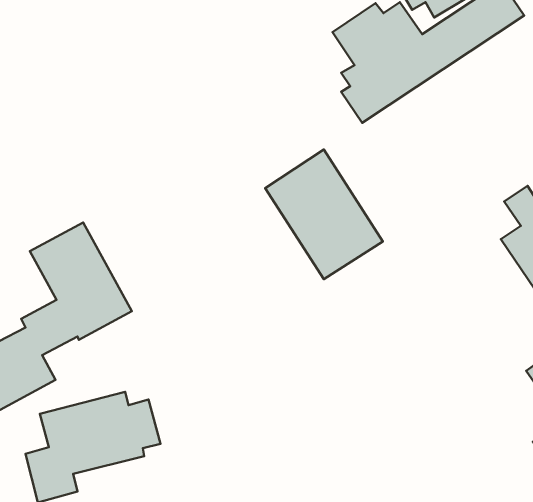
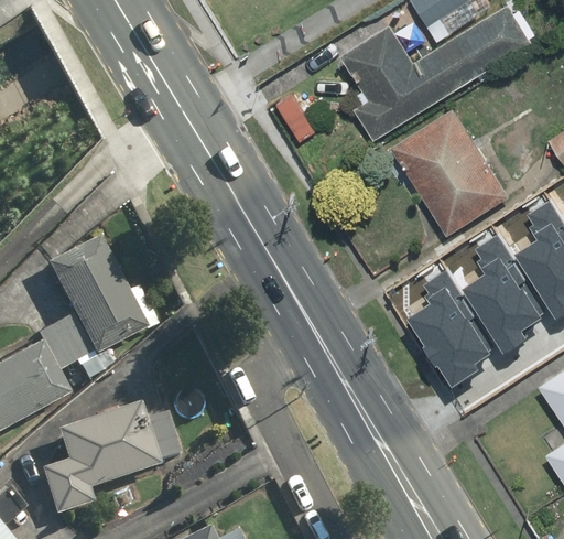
building: [265,150,383,279] -> [394,104,511,233]
building: none -> [465,236,542,341]
building: none -> [414,269,491,374]

